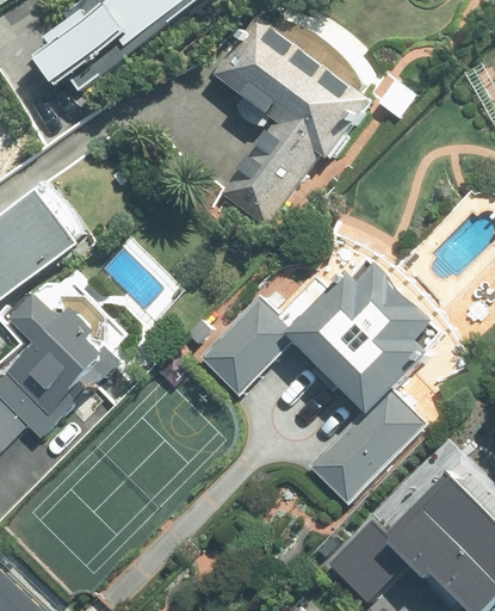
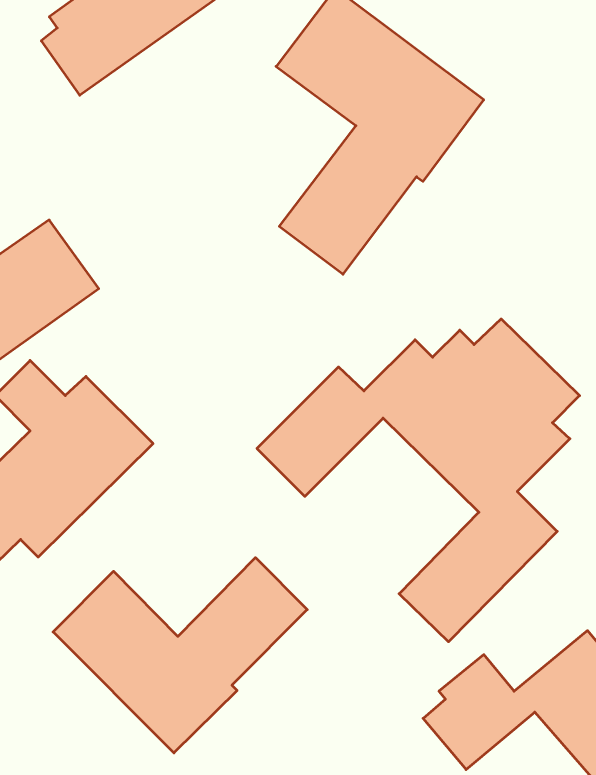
building: none -> [53,558,307,753]

